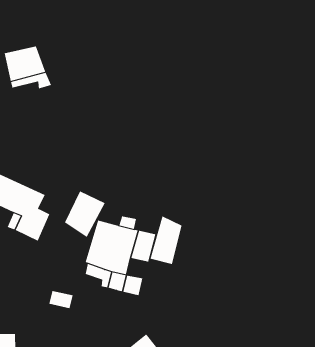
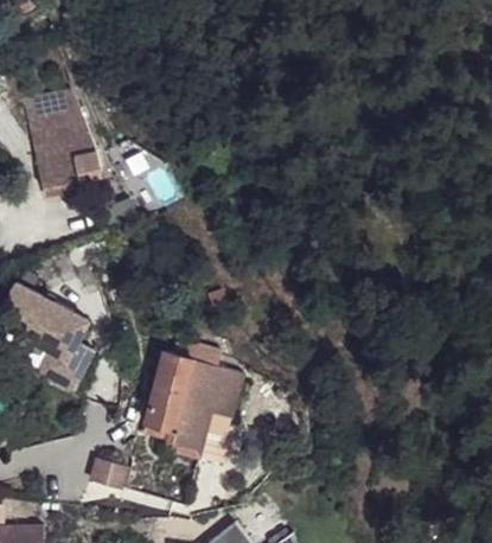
building: none -> [37,149,81,190]
building: [64,190,105,238] -> none
building: [150,216,182,265] -> none

